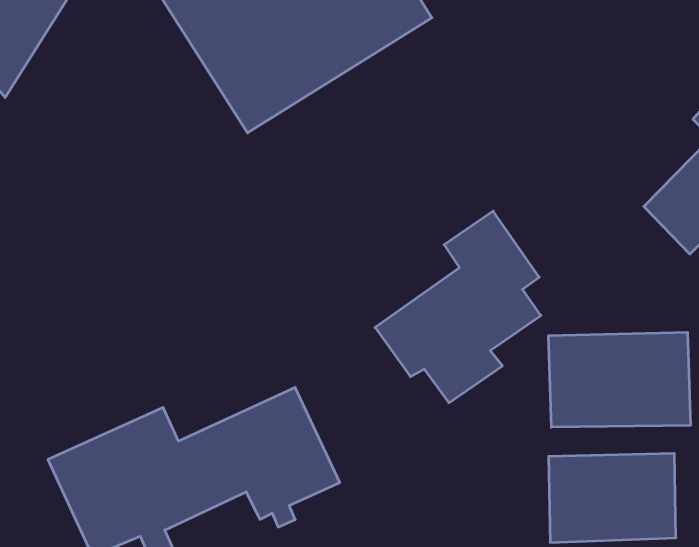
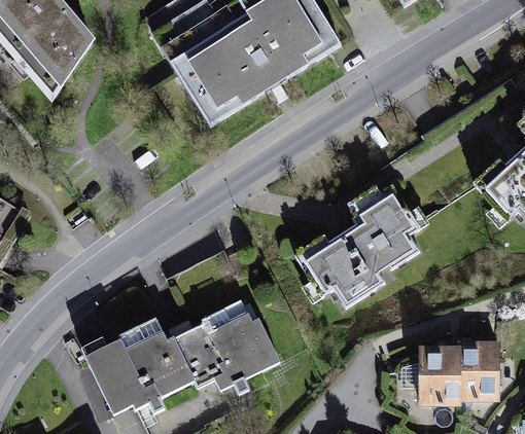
building: [549,332,690,427] -> none

